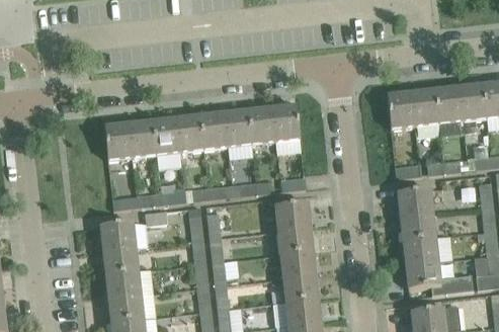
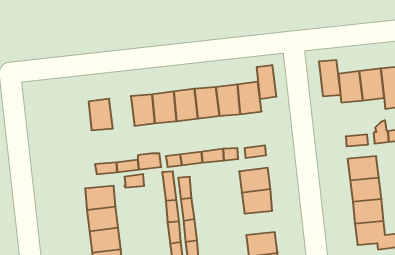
building: none -> [319,60,341,96]
building: none -> [257,65,276,99]
building: [128,120,156,157] -> none
building: [280,250,315,277] -> none

